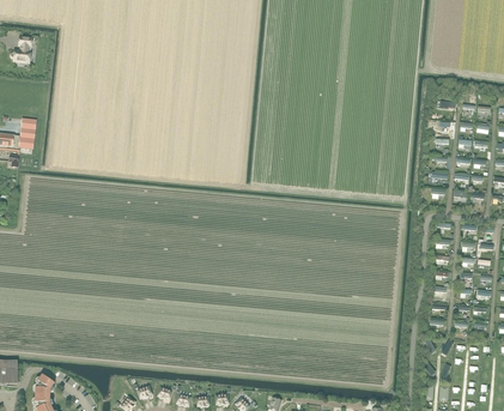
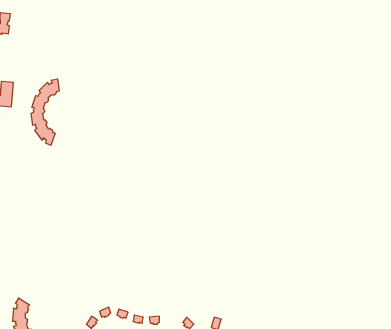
building: none -> [31,79,59,145]

